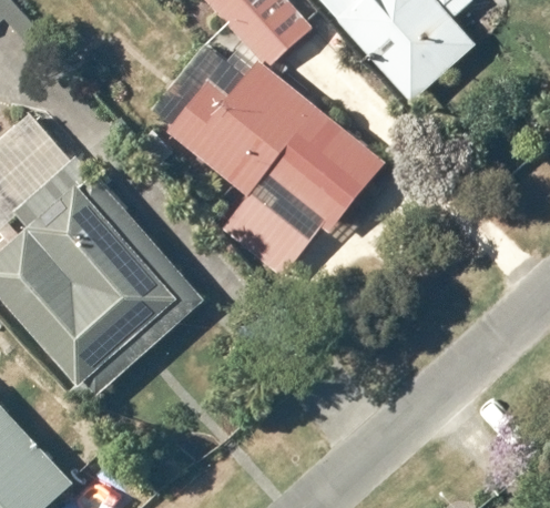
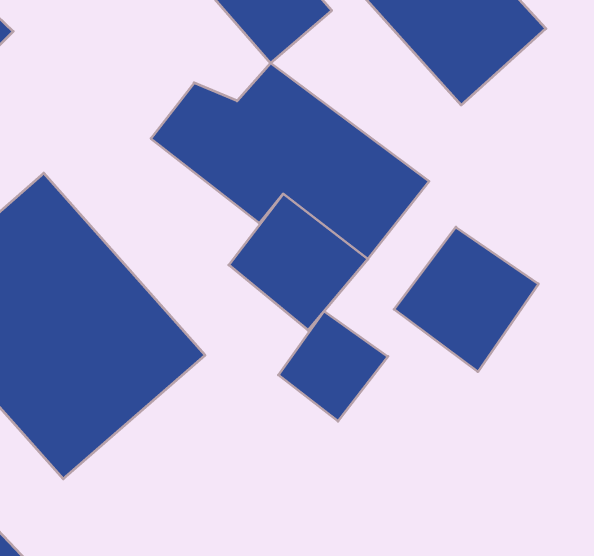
building: none -> [394,227,538,372]
building: none -> [278,311,388,421]

